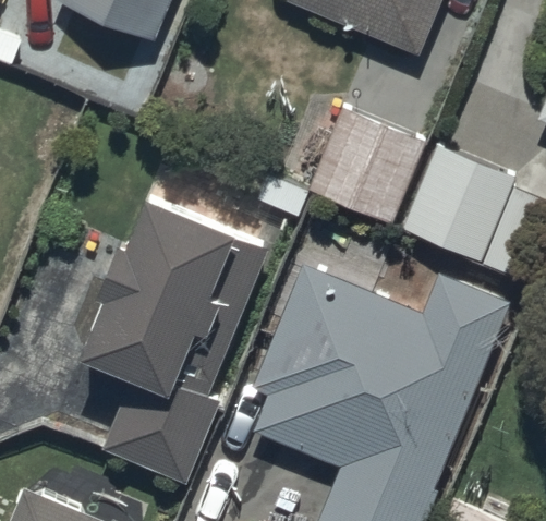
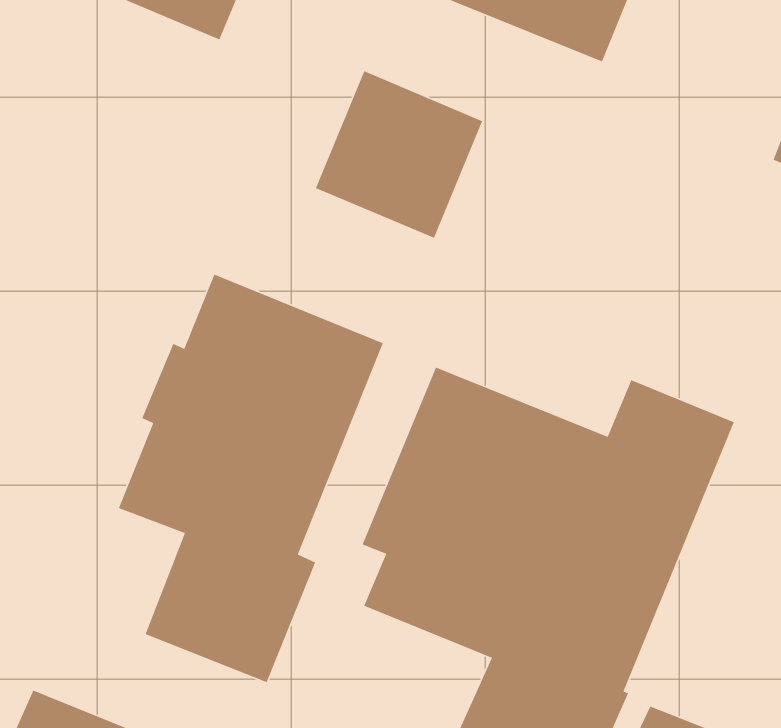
building: [308,108,425,225] -> [315,70,483,239]
building: [401,146,514,262] -> none

